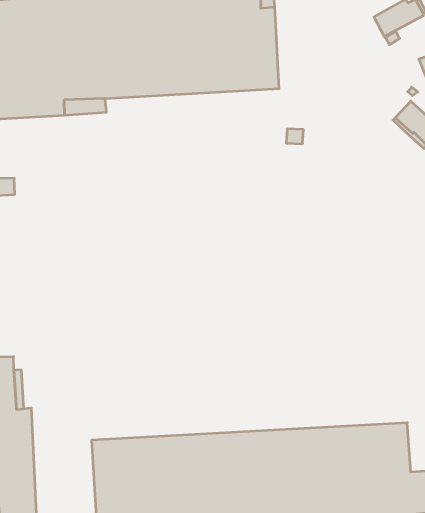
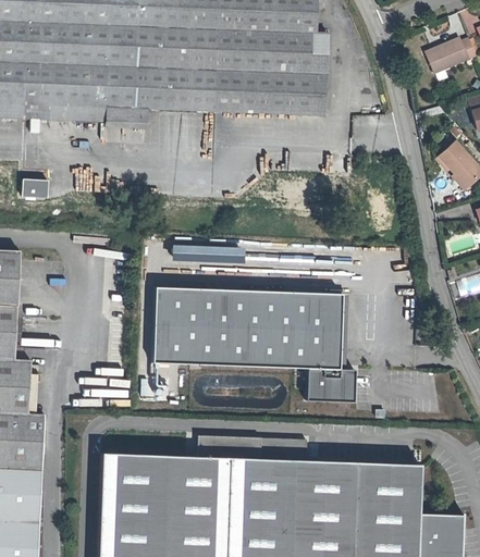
building: none -> [152,285,354,401]

